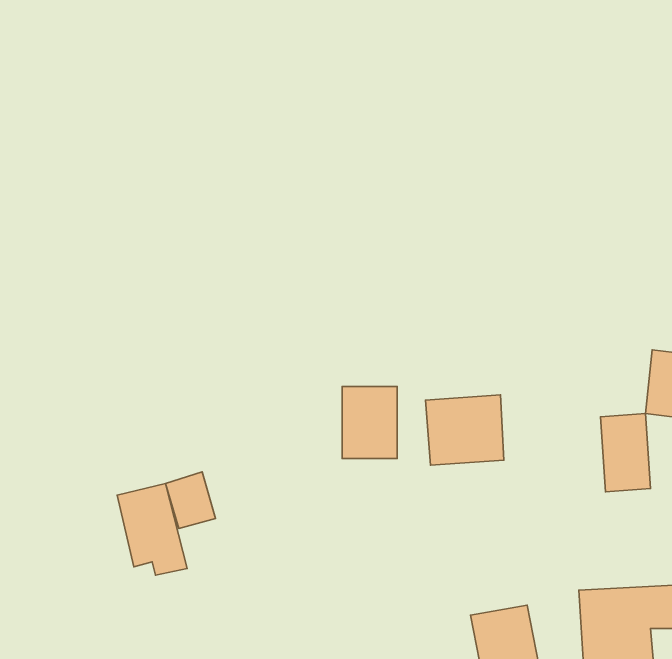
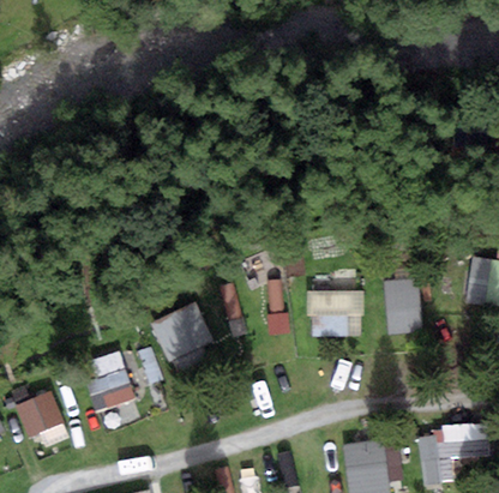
building: [600,413,650,492] -> [383,277,419,333]
building: none -> [152,302,214,365]
building: none -> [14,391,64,439]

